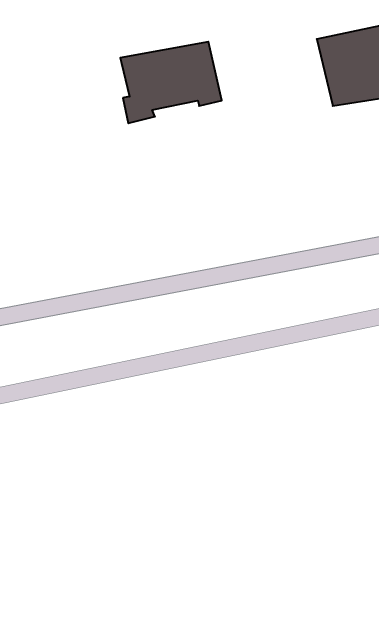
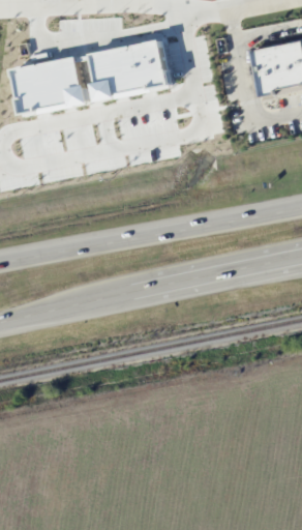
building: none -> [14,56,97,114]

